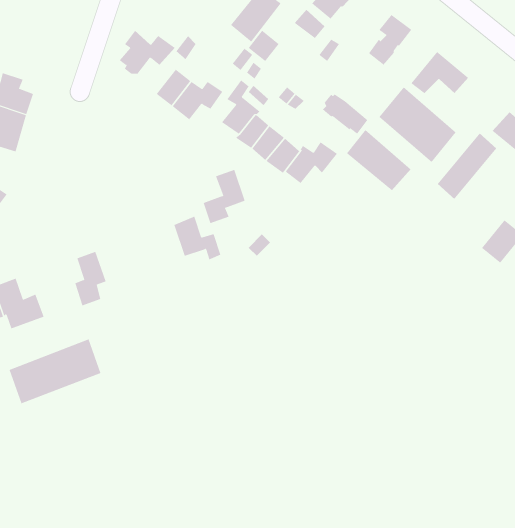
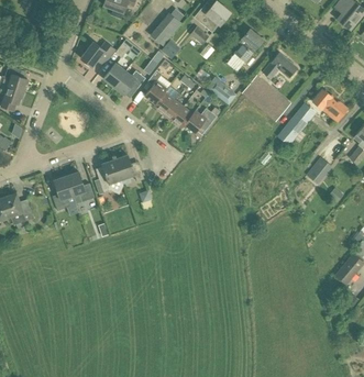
building: [346,129,411,191] -> none
building: [203,169,245,224] -> [95,159,121,193]
building: none -> [66,171,95,201]
building: [9,339,101,404] -> none

